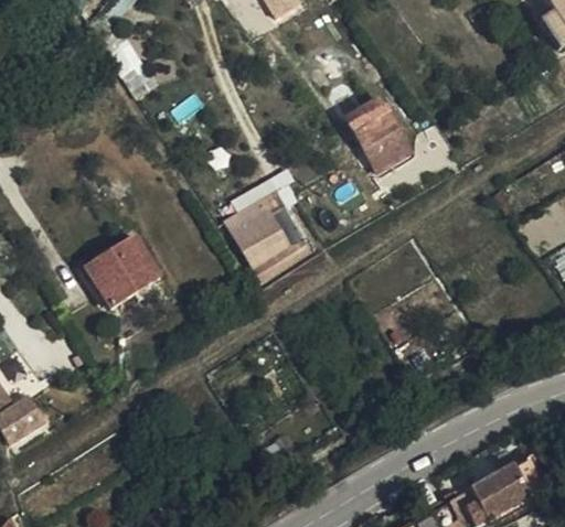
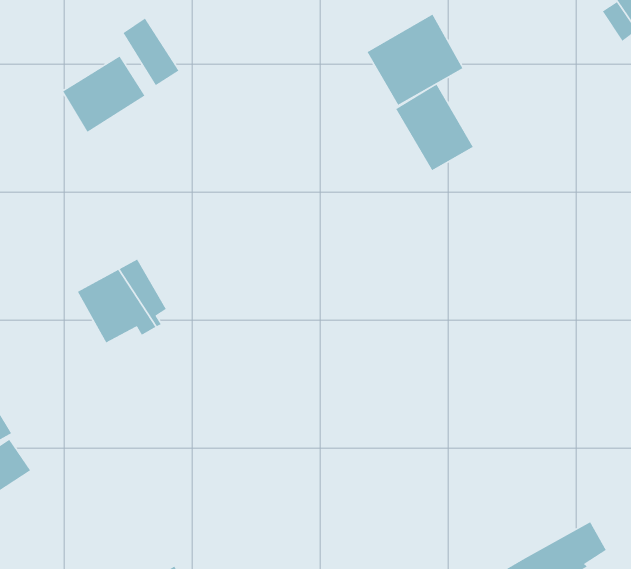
building: none -> [367,13,464,106]
building: none -> [62,55,145,133]
building: [226,184,312,273] -> none

